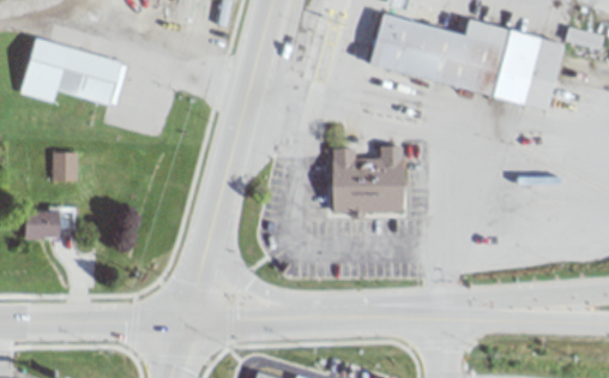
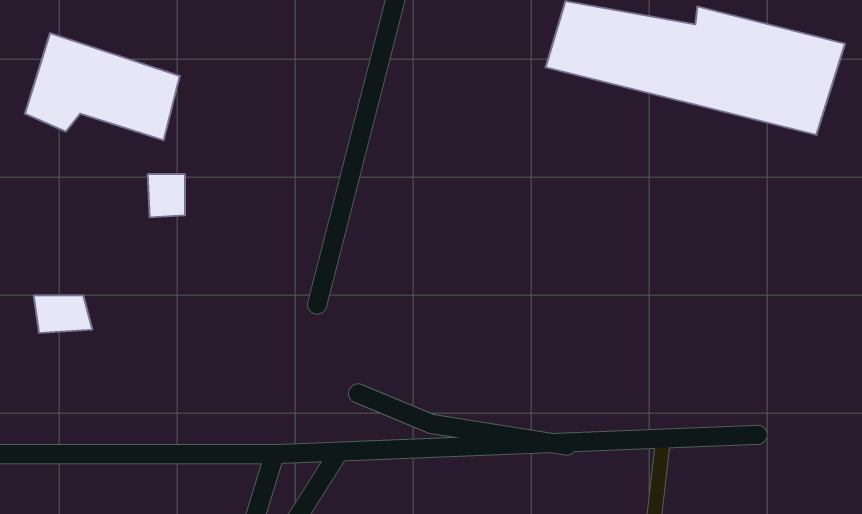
building: [330,146,405,216] -> none
building: [50,152,76,181] -> [148,174,185,217]

